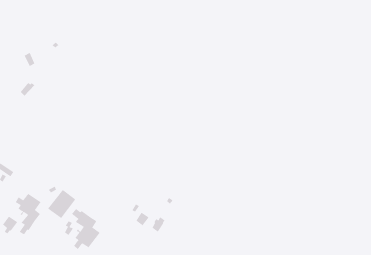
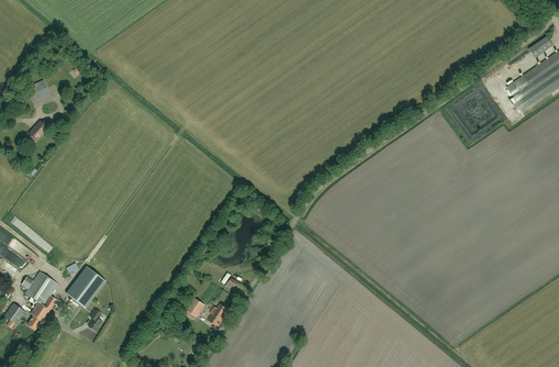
building: [71,208,100,250] -> none

